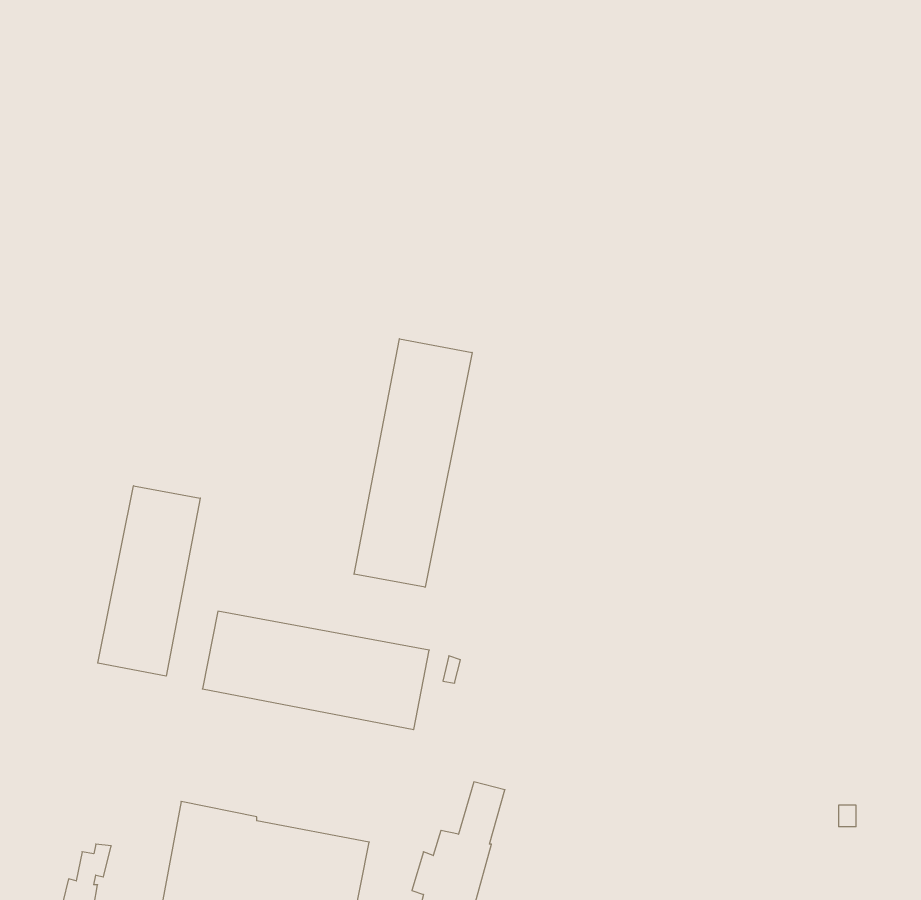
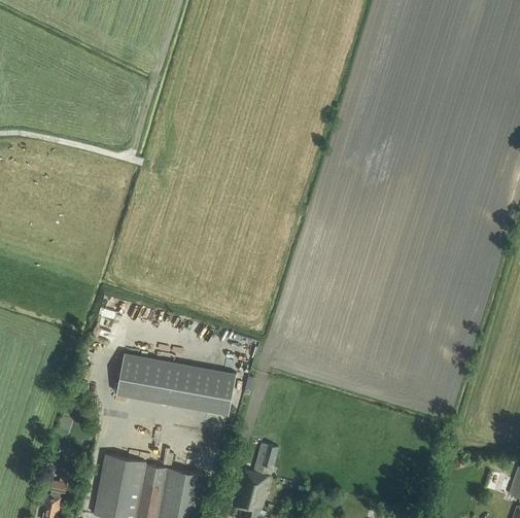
building: [354,339,472,587] -> none
building: [98,486,200,676] -> none

